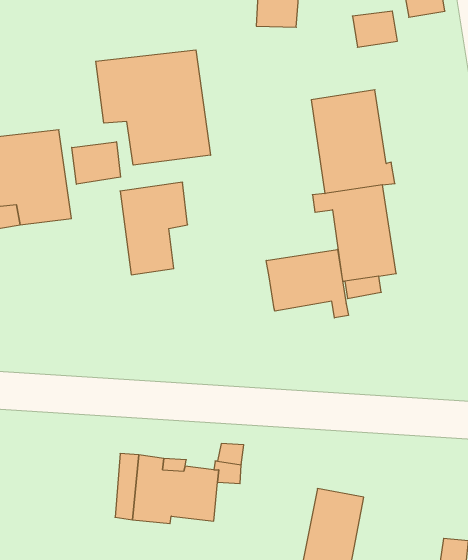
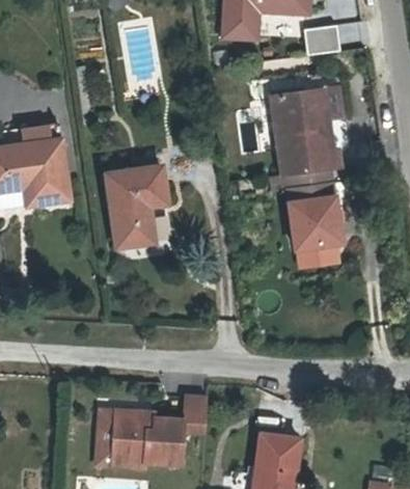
building: [96,50,211,165] -> none
building: [72,142,121,184] -> none
building: [266,249,348,318] -> none

